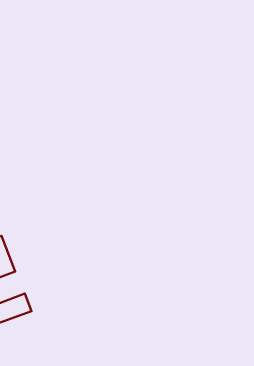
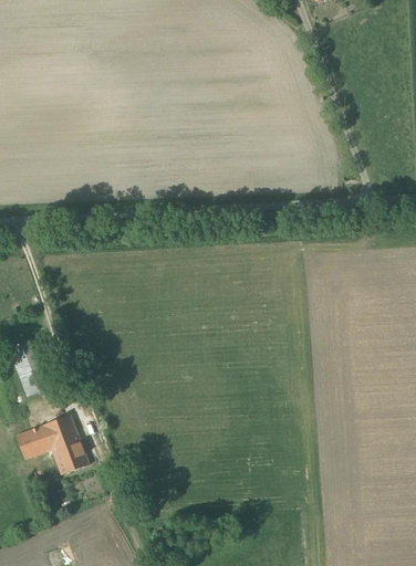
building: none -> [52,439,89,474]

